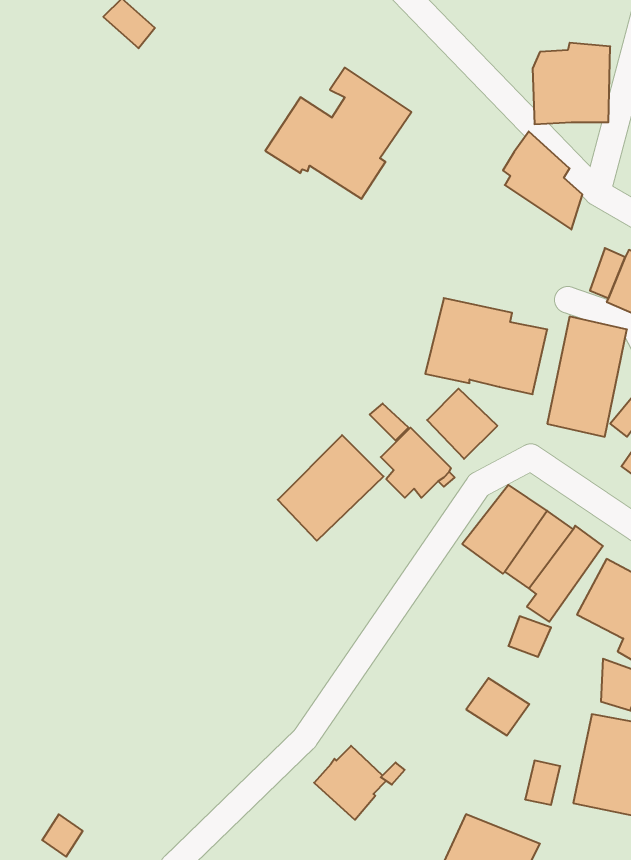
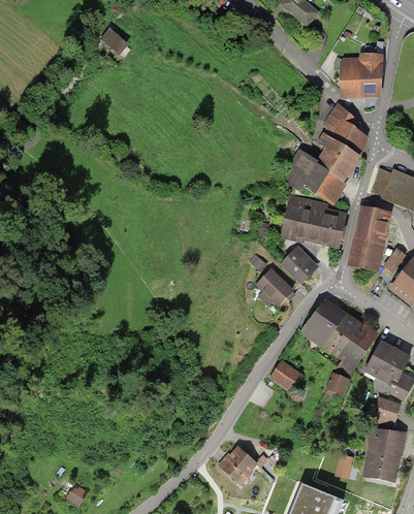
building: [265,68,411,199] -> [279,131,360,204]
building: [278,435,384,541] -> none
building: [466,678,529,735] -> [268,359,304,391]

